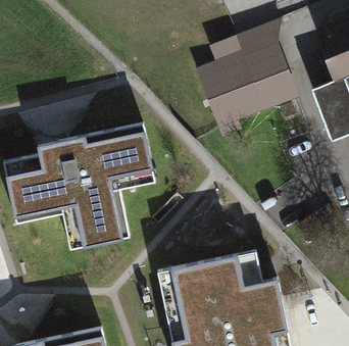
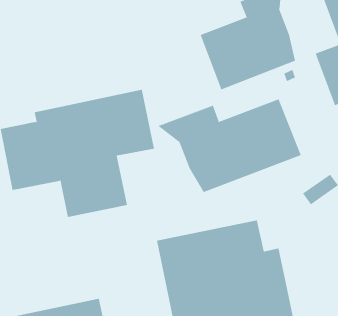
building: none -> [157,98,301,193]

